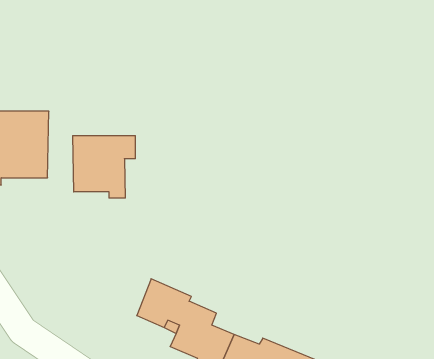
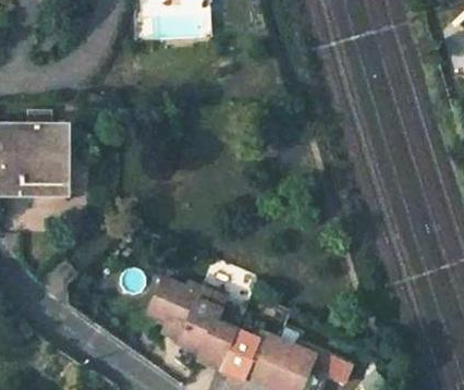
building: [73,136,135,198] -> none

